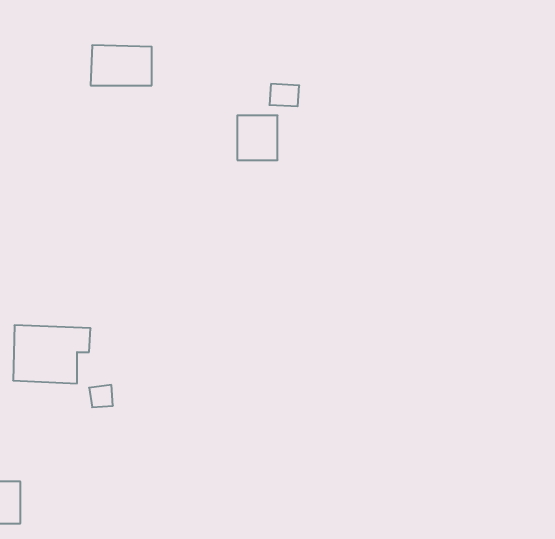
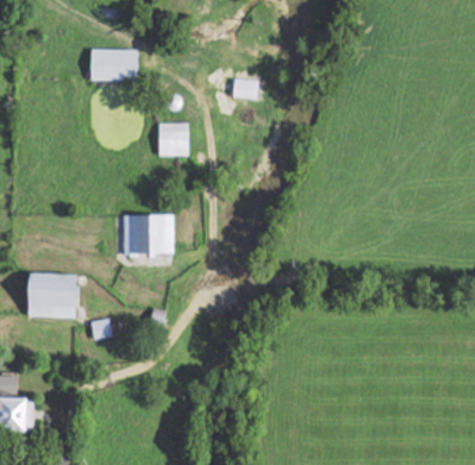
building: [237,115,278,160] -> [157,120,189,156]
building: none -> [123,215,174,255]

